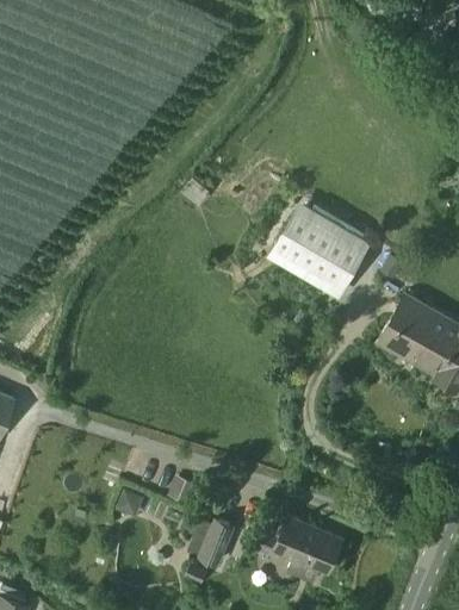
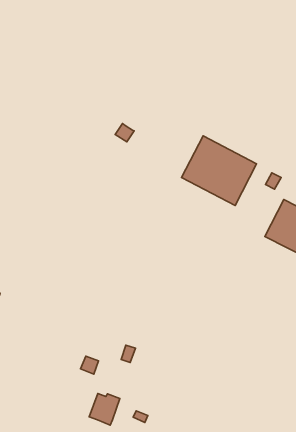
building: [258,516,342,583] -> none
building: [190,519,232,564] -> [89,393,120,425]

